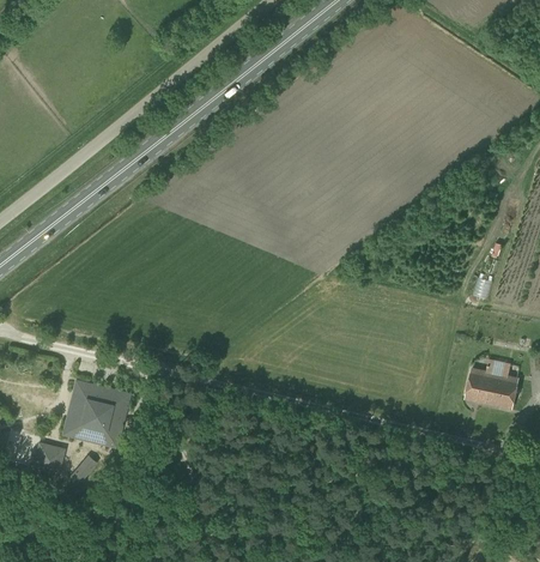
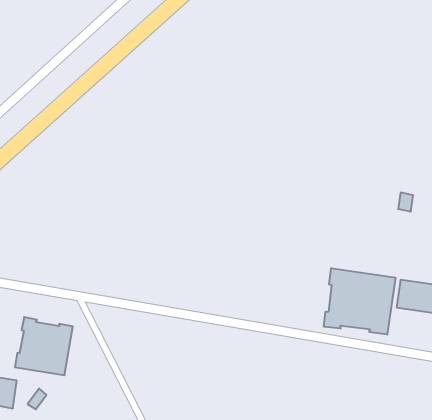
building: none -> [324,268,395,335]

